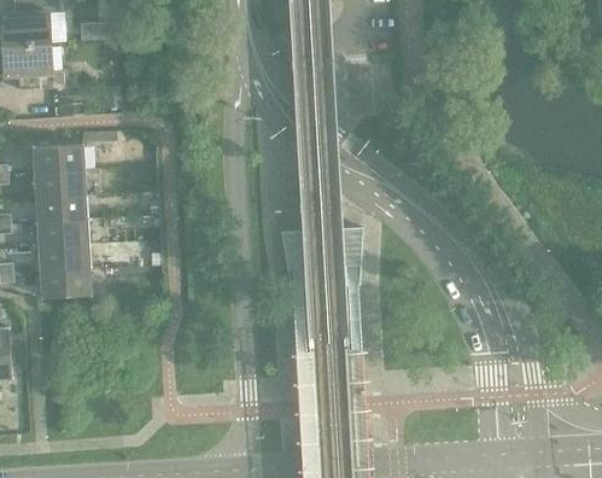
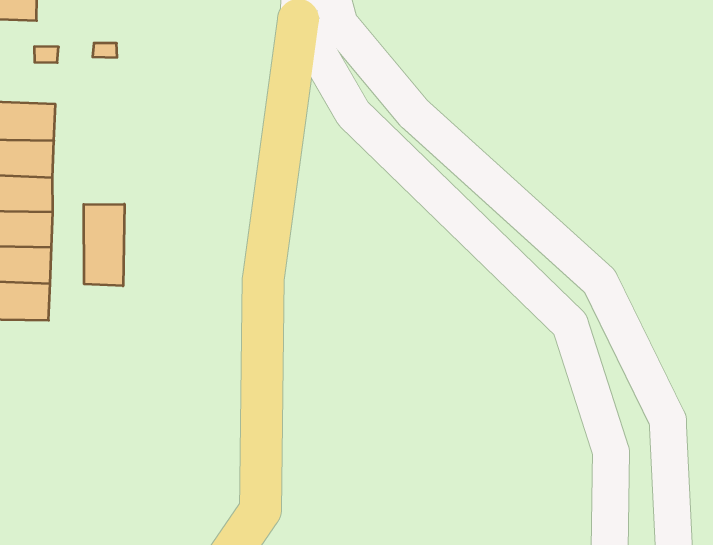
building: none -> [84,204,124,286]

